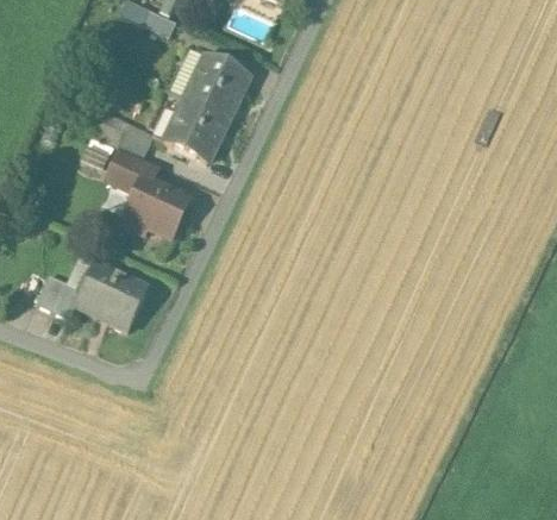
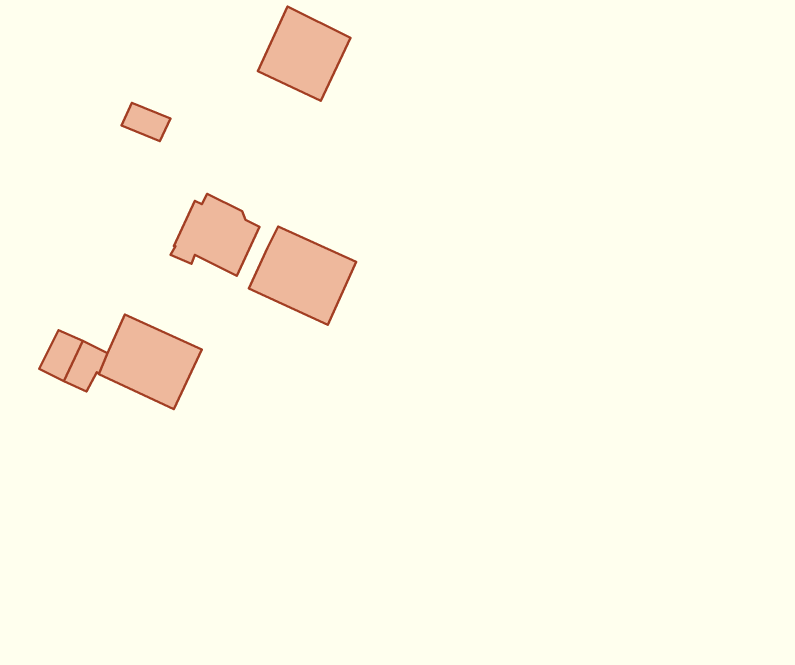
building: [164,98,227,161] -> none
building: [109,148,158,188] -> none
building: none -> [249,227,356,325]

